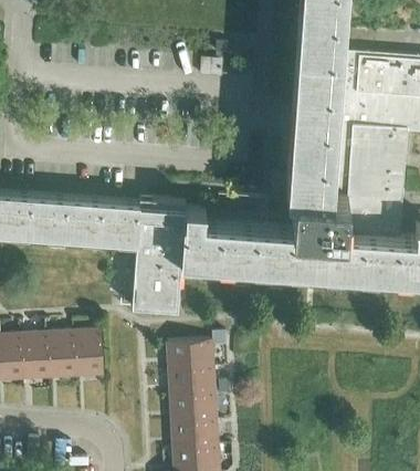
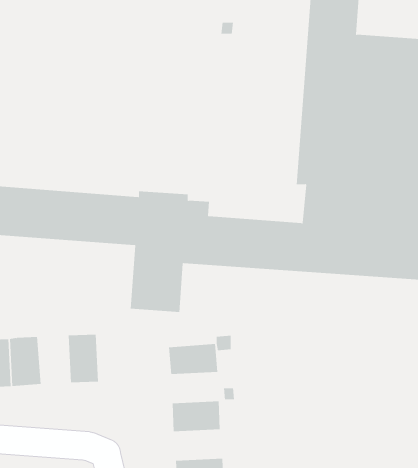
building: [46,333,76,378] -> none
building: [169,367,214,396] -> none
building: [171,420,218,449] -> none

